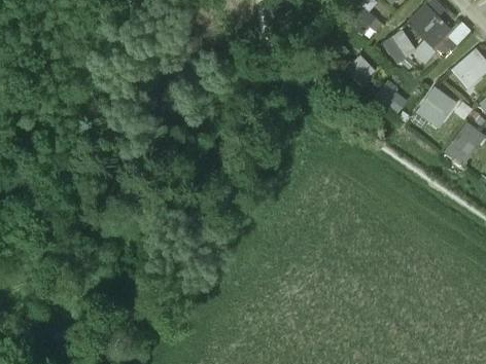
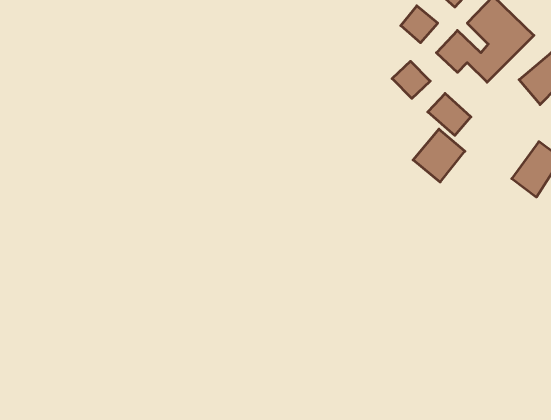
building: [414,85,457,130] -> [413,129,465,182]

